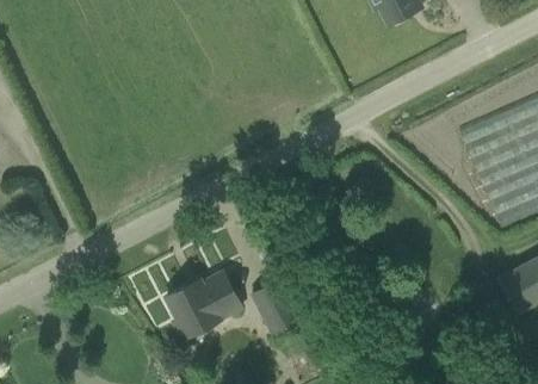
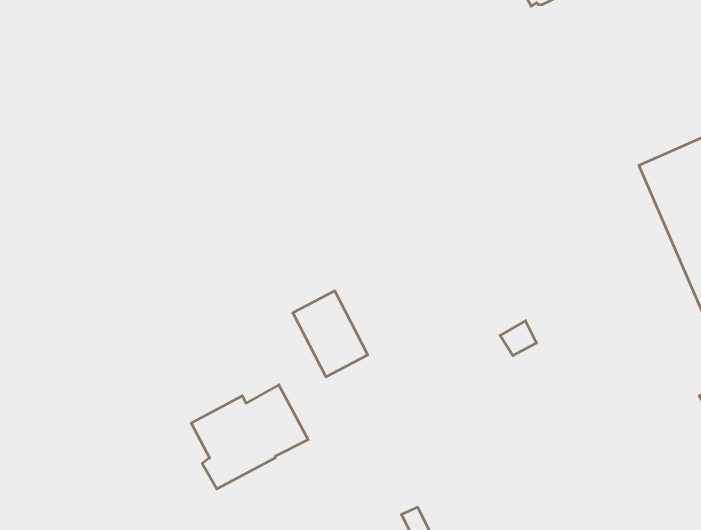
building: [252,281,301,337] -> [293,291,368,377]

